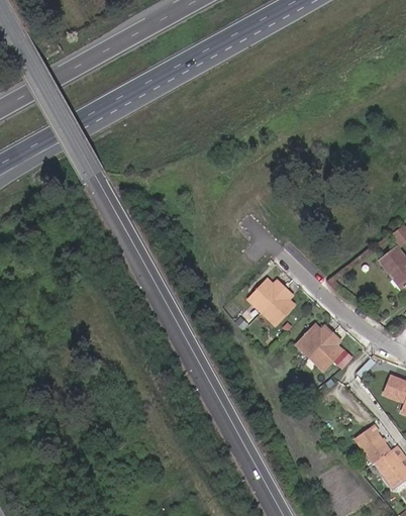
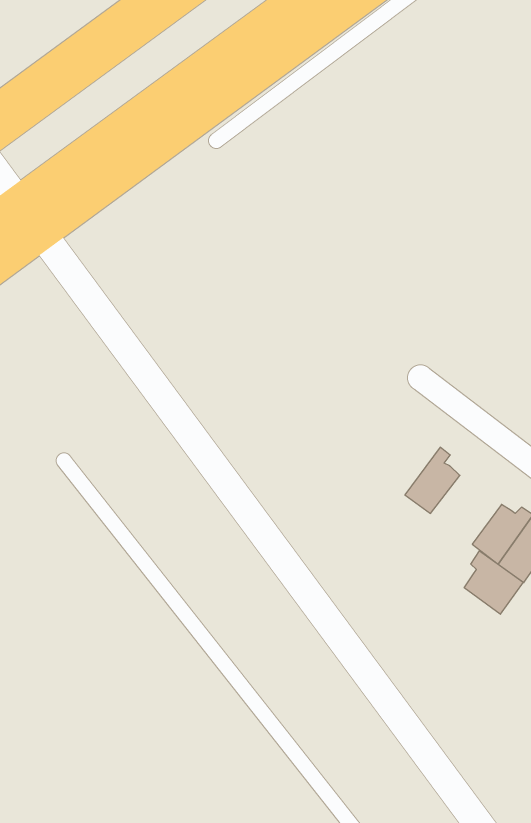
building: [248,281,285,313] -> none
building: none -> [464,551,523,614]

